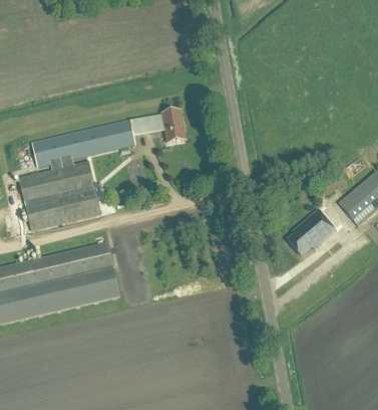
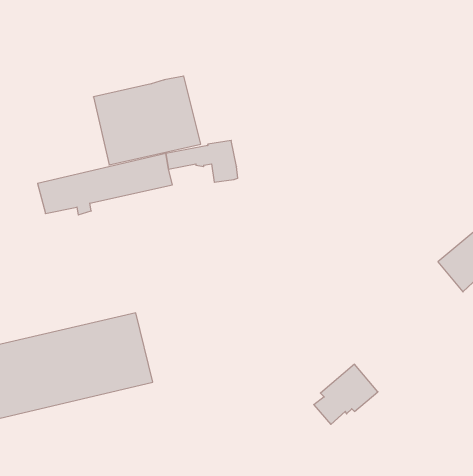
building: [19,161,101,229] -> [93,76,201,165]
building: [288,209,337,255] -> [314,364,378,424]

